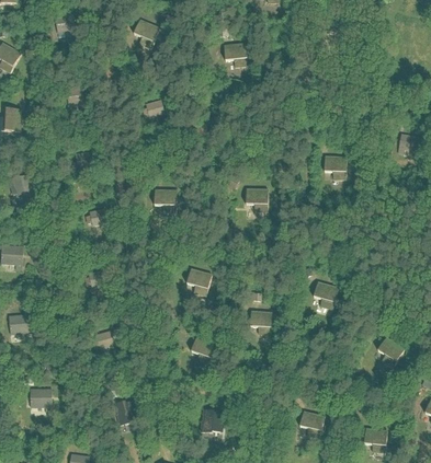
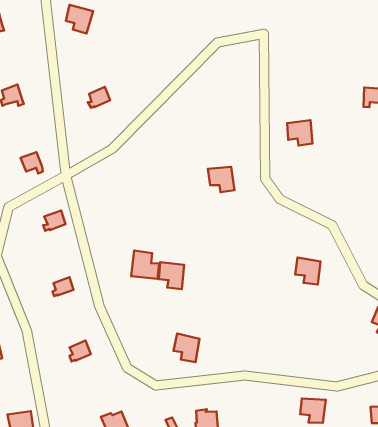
building: [224,43,248,66] -> none
building: [154,189,177,212] -> none
building: none -> [131,250,159,279]
building: [249,311,272,334] -> none

